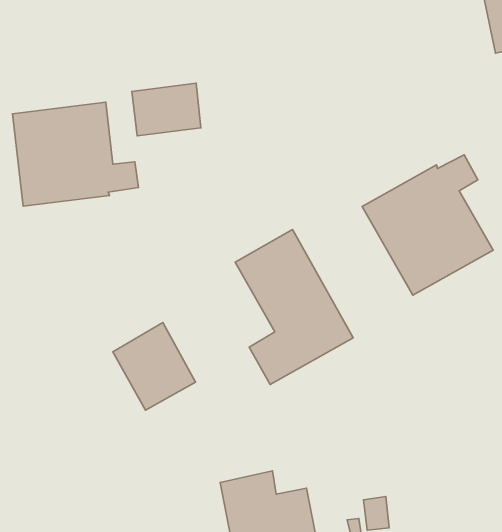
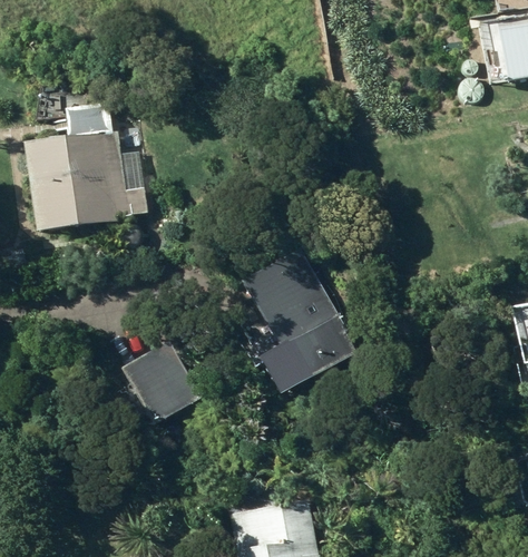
building: [132,83,201,136] -> none
building: [362,155,493,295] -> none

